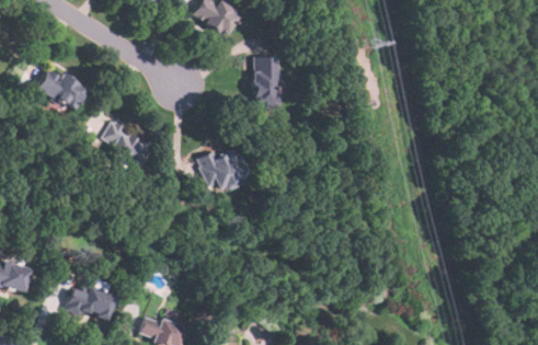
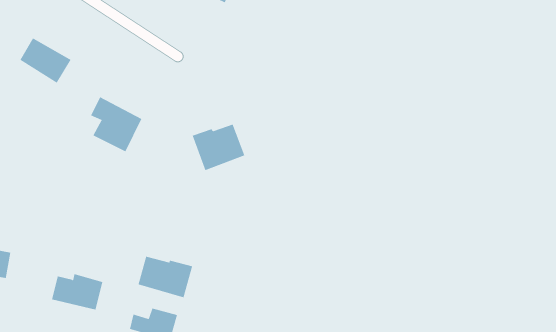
building: [253,56,281,108] -> none
building: none -> [138,256,193,298]

